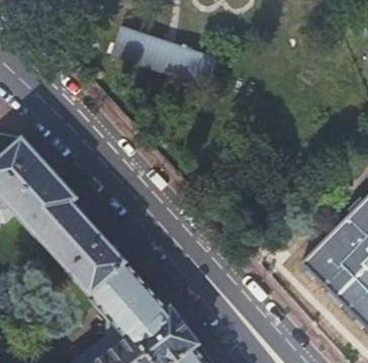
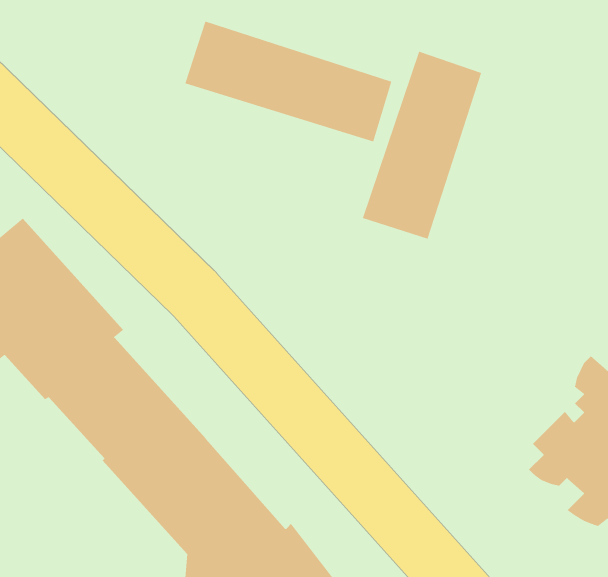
building: none -> [362,51,482,240]

